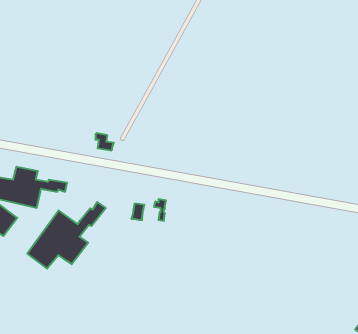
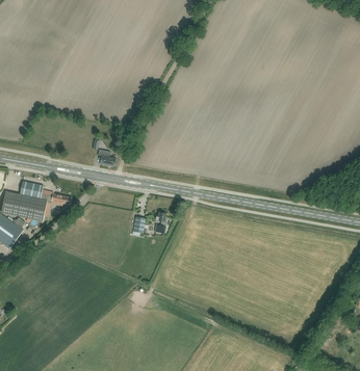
building: [27,202,106,269] -> none

